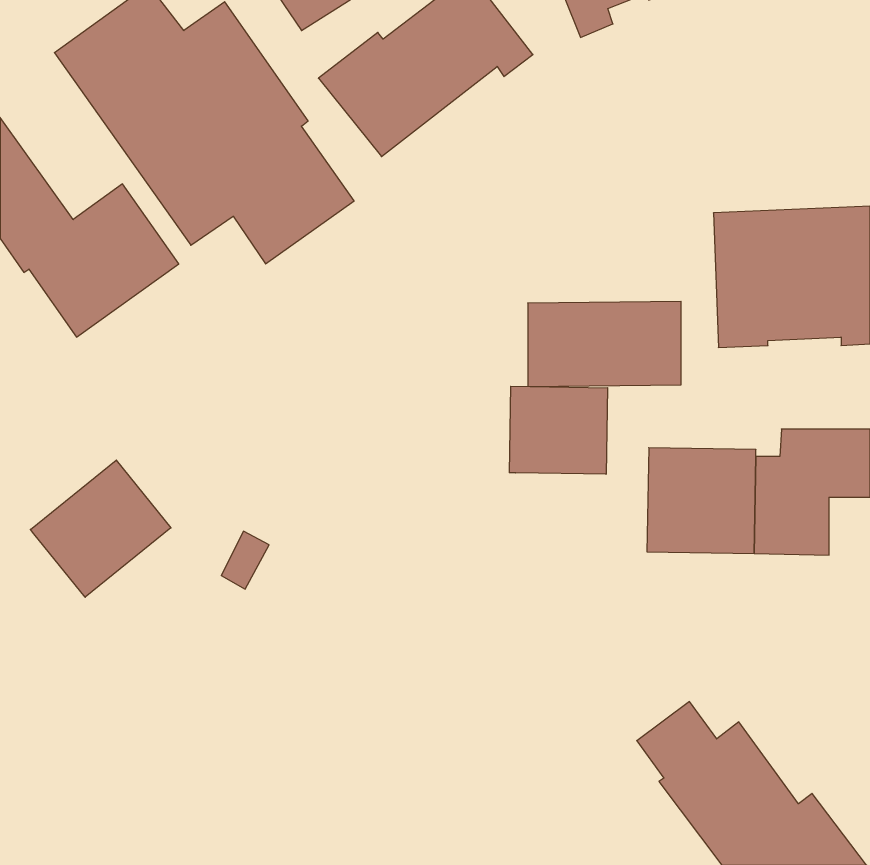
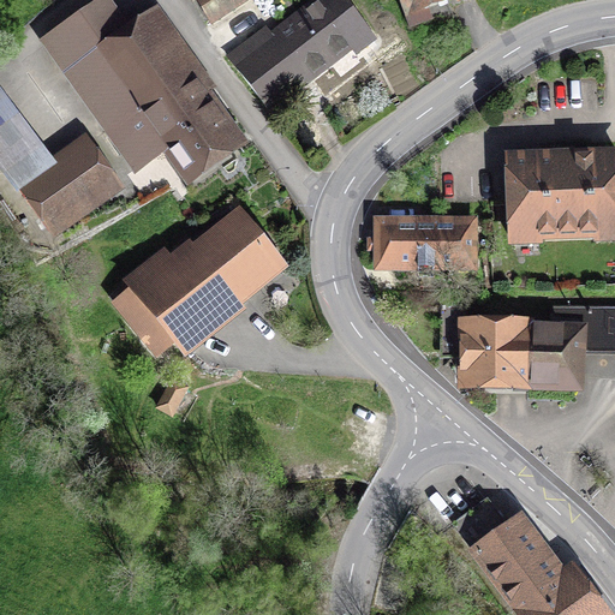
building: none -> [107,204,289,358]
building: [509,386,608,474] -> none
building: [30,460,171,597] -> none

